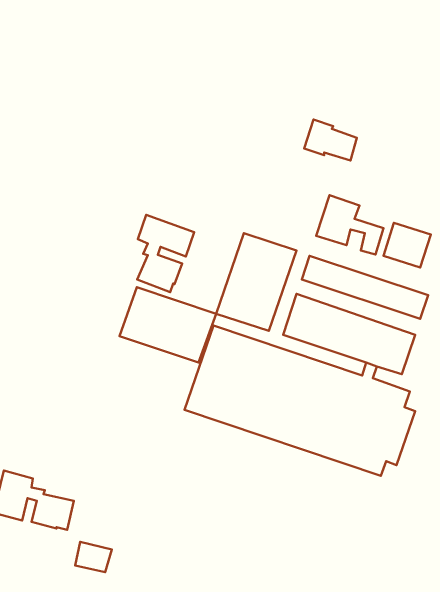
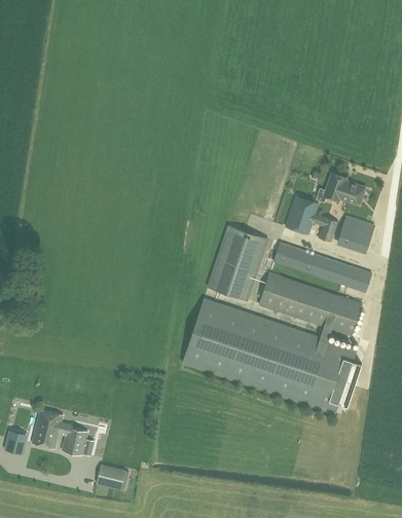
building: [304,119,357,160] -> [323,173,364,205]
building: [137,215,194,292] -> none
building: [120,287,216,363] -> none

